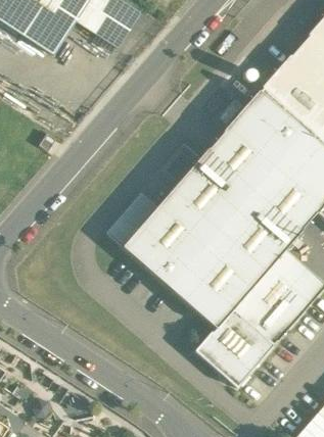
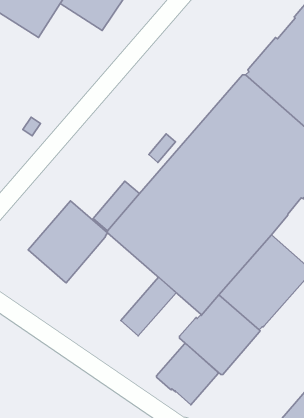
building: none -> [28,201,107,283]
building: none -> [121,277,176,336]
building: none -> [157,344,219,405]

